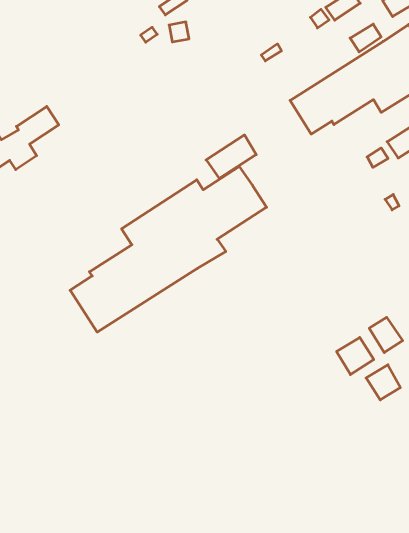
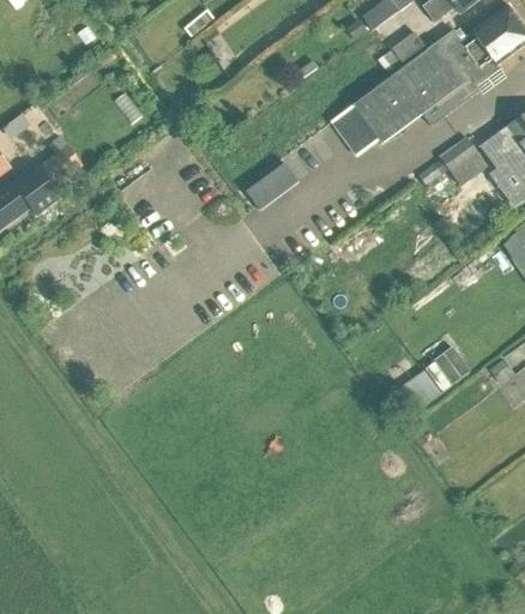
building: [70,167,267,332] -> none
building: [366,365,400,400] -> none

